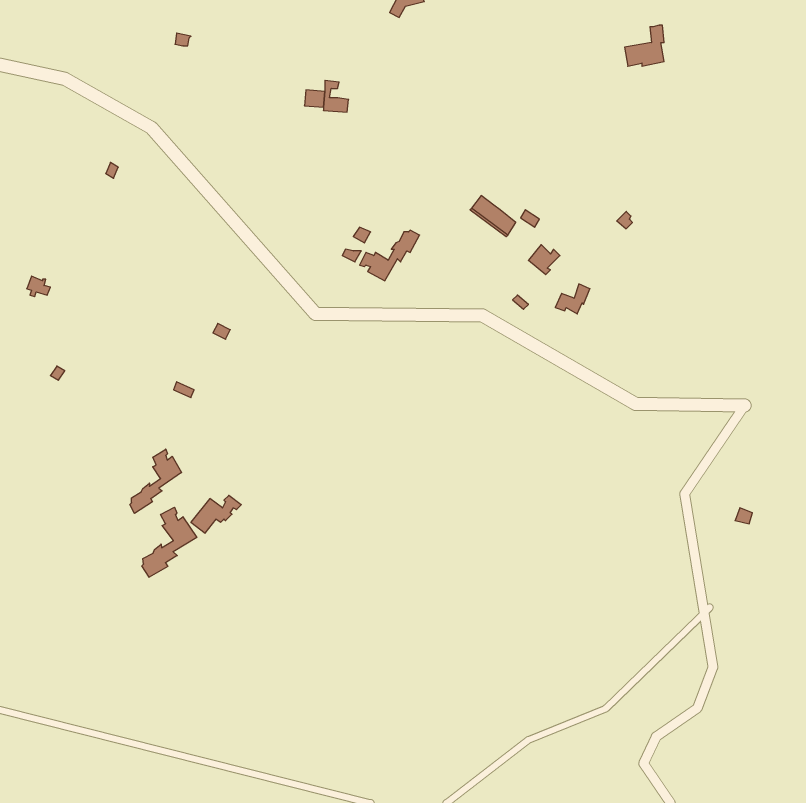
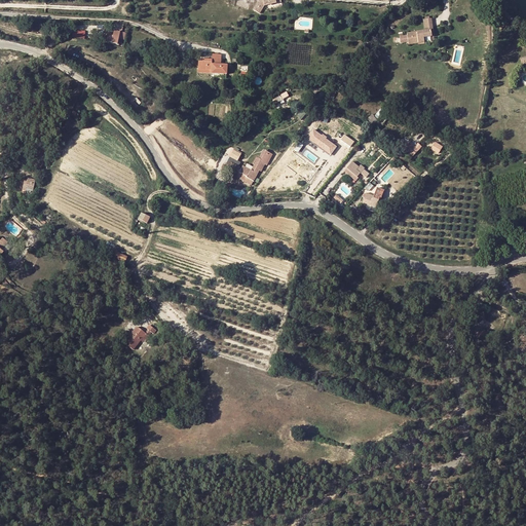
building: [130,449,182,513] -> none
building: [142,507,197,577] -> none

